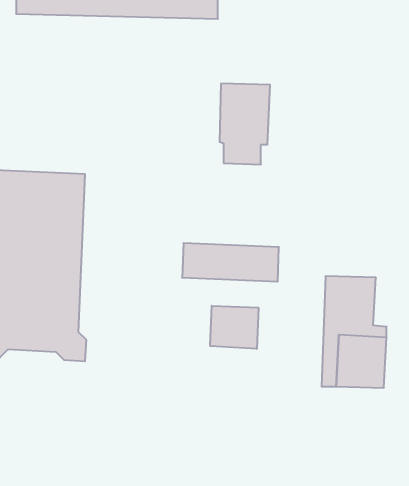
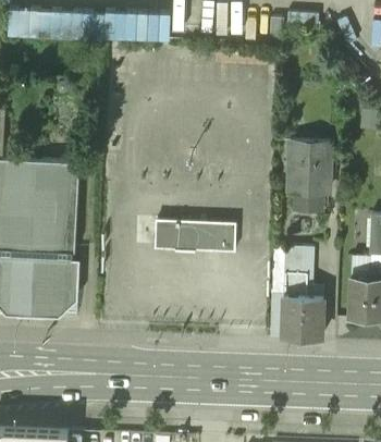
building: [220,84,270,164] -> [288,145,330,211]
building: [210,306,258,349] -> none

